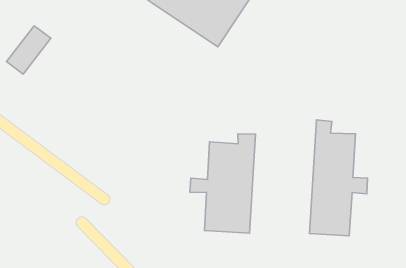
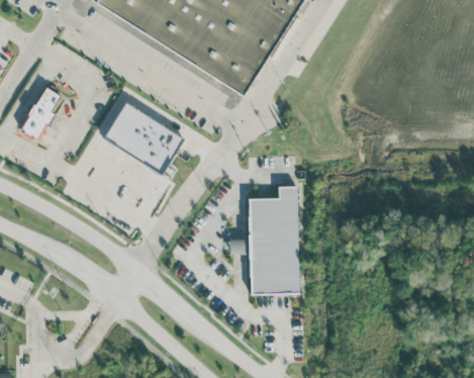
building: none -> [103,104,184,173]
building: [310,120,367,236] -> none

